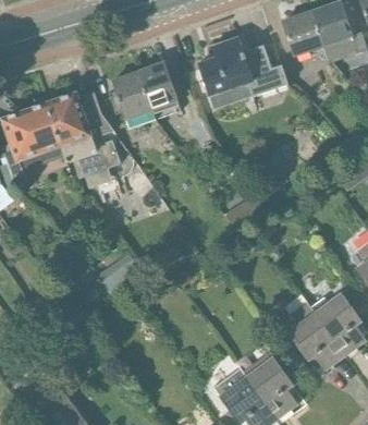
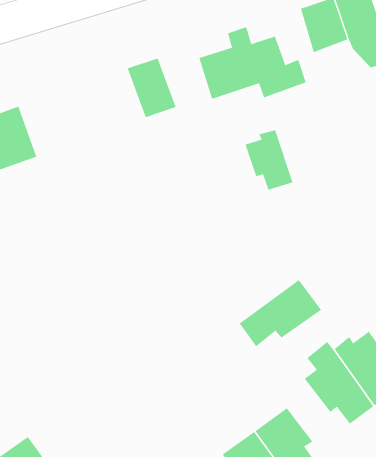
building: [109,72,156,130] -> none
building: [48,94,121,189] -> none
building: none -> [245,129,293,191]
building: none -> [239,279,322,347]

